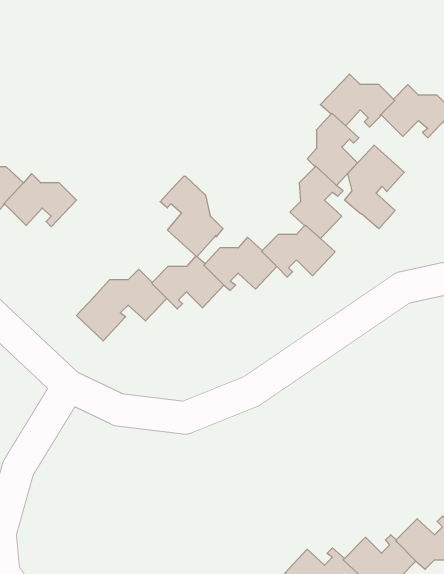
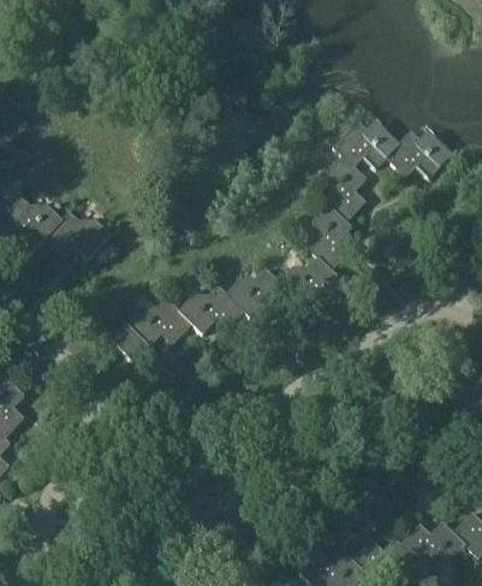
building: [345,145,404,229] -> none
building: [160,176,223,257] -> none

